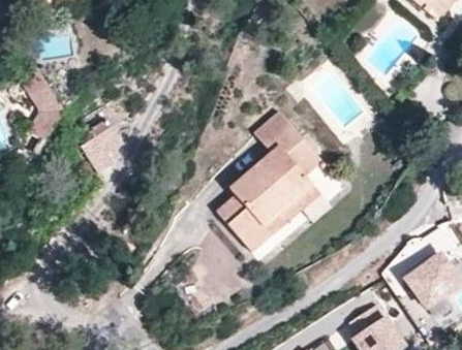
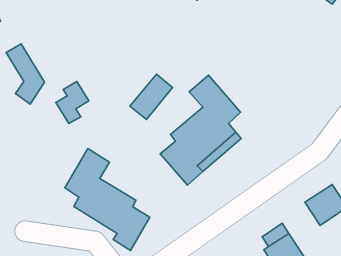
building: none -> [130,74,172,119]
building: none -> [65,149,150,250]

